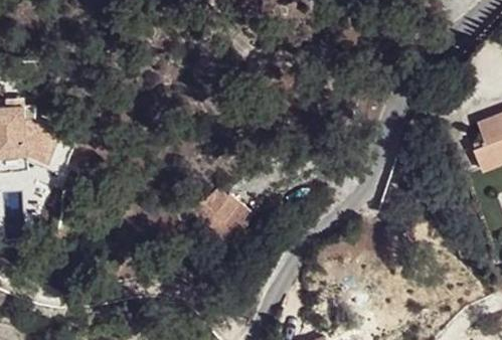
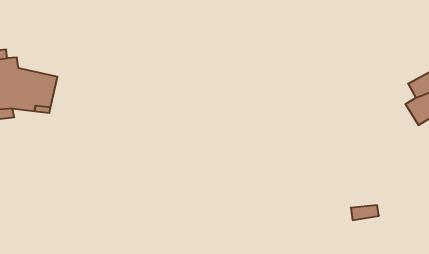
building: [201,188,252,240] -> none

